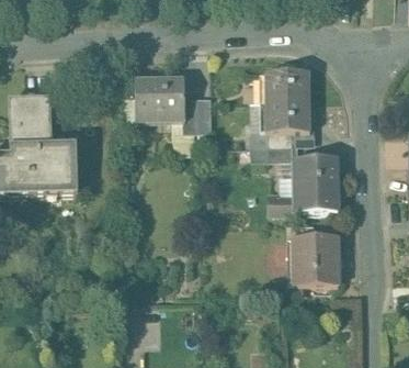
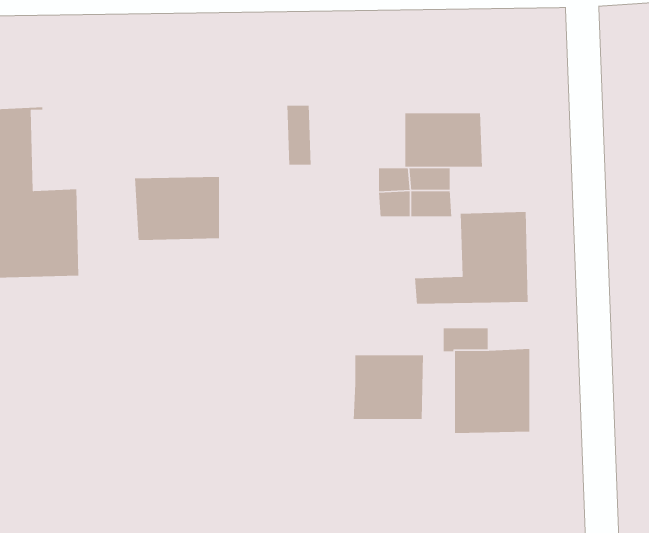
building: [264,71,308,101] -> none
building: [134,80,183,118] -> [134,176,220,241]
building: none -> [353,354,424,420]

